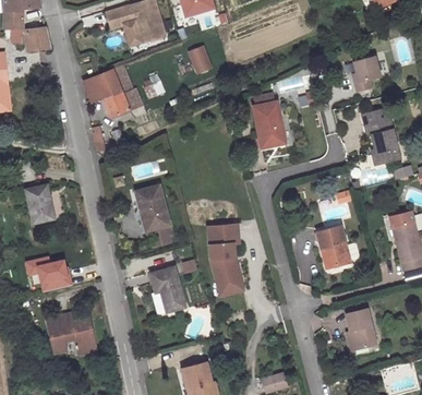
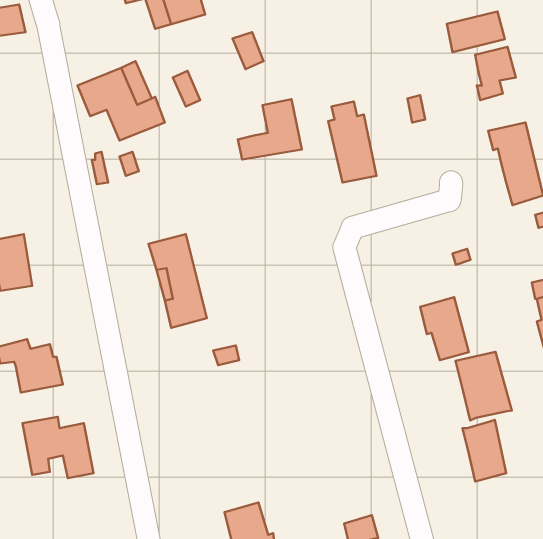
building: none -> [447,11,505,52]
building: none -> [238,99,302,160]
building: [208,224,249,299] -> none
building: none -> [456,352,512,420]
building: [147,266,181,311] -> none

